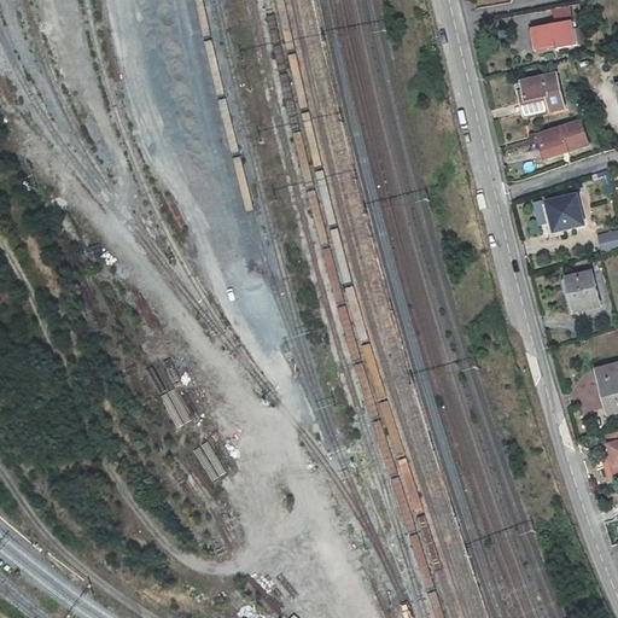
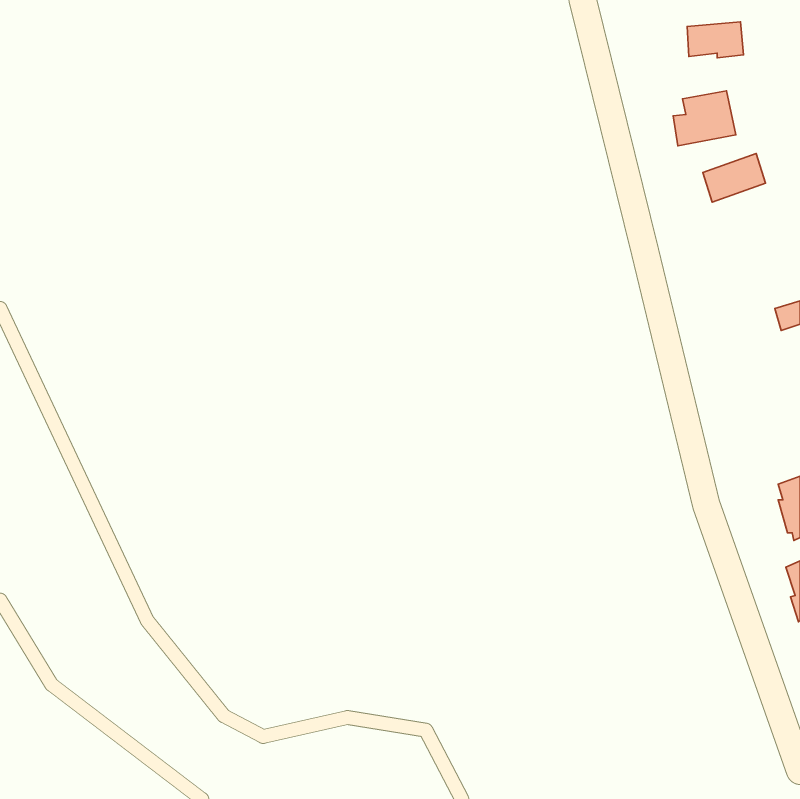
building: [536,198,582,229] -> none
building: [560,274,599,315] -> none

